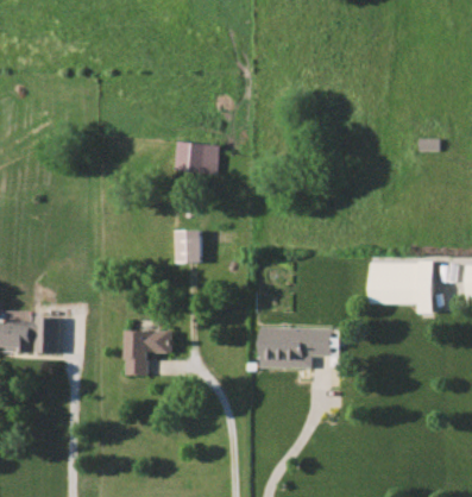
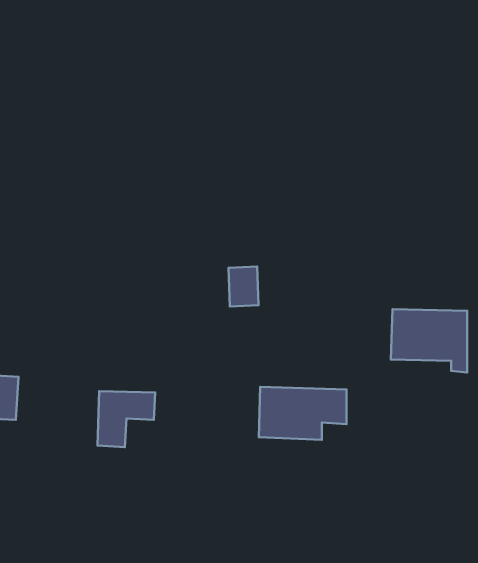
building: [175,143,218,174] -> none
building: [176,229,201,263] -> [228,266,259,307]

